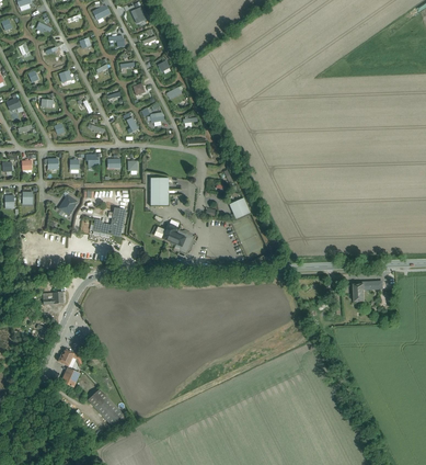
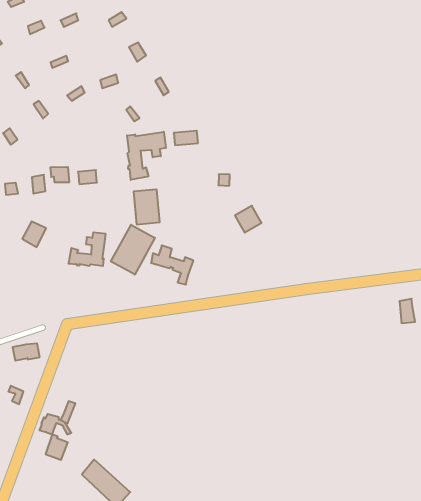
building: none -> [127,132,166,180]
building: none -> [111,225,155,275]

